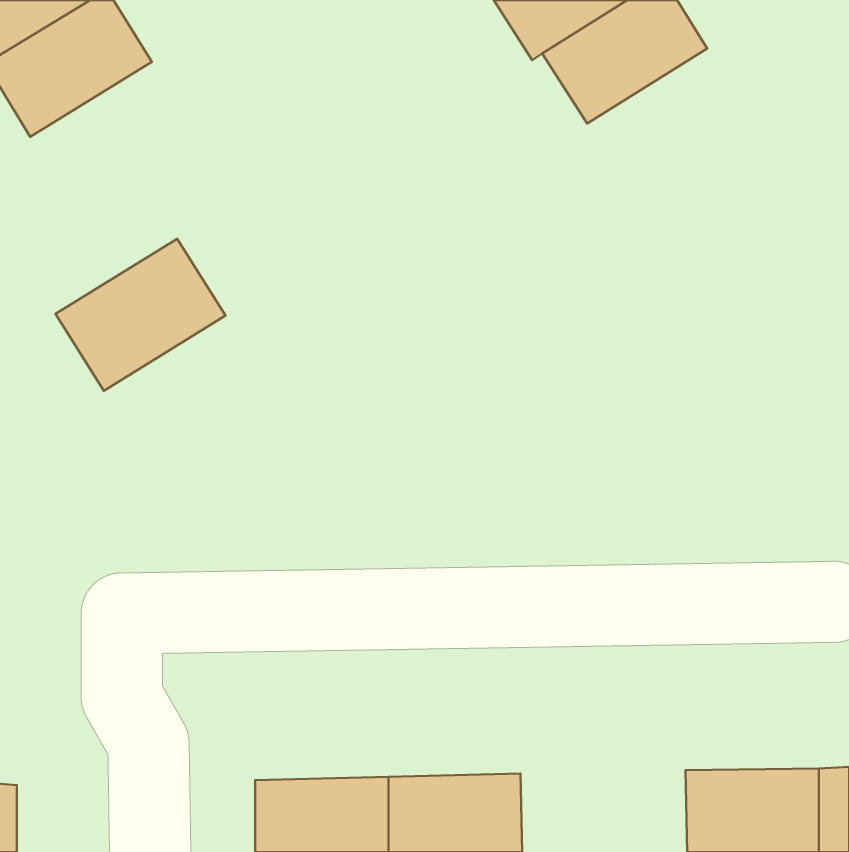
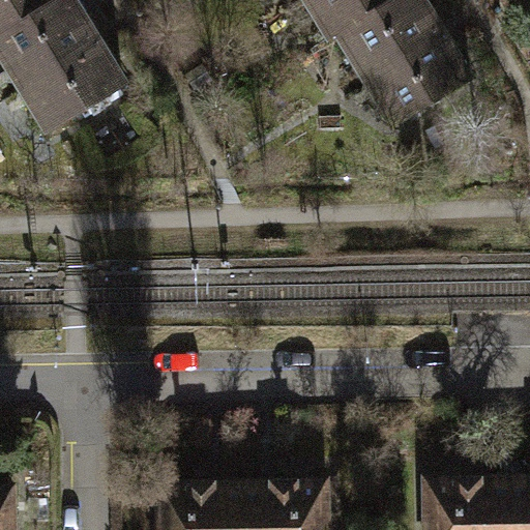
building: none -> [364,30,469,124]
building: [55,239,225,391] -> [19,38,124,132]

